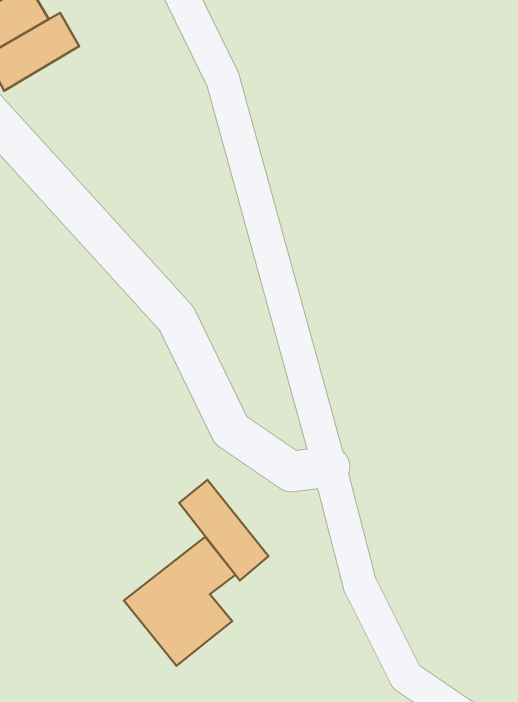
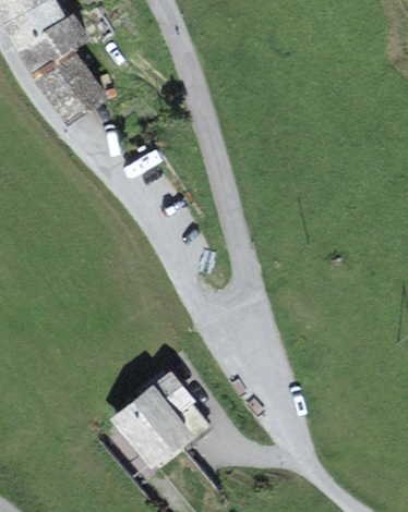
building: none -> [38,53,103,118]
building: [179,480,269,580] -> none

